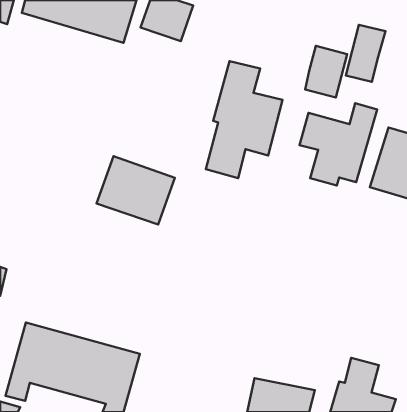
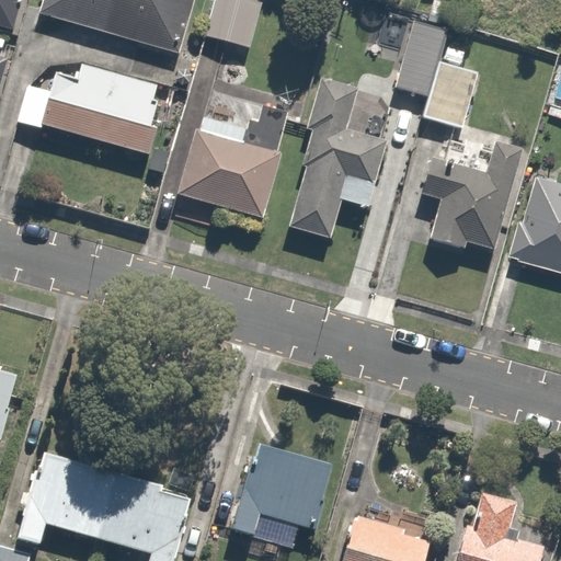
building: [346,25,385,82] -> [392,19,446,96]
building: none -> [16,57,172,160]
building: [97,156,175,225] -> [175,127,282,220]
building: none -> [232,434,347,546]

